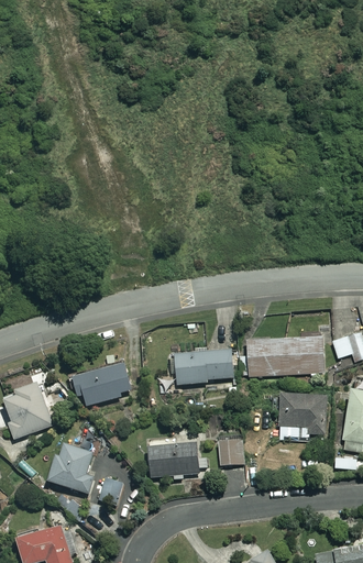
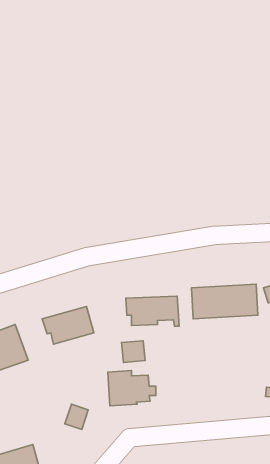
building: [279,391,327,440] -> none
building: [218,439,245,464] -> [122,341,145,362]
building: [48,440,95,490] -> none

